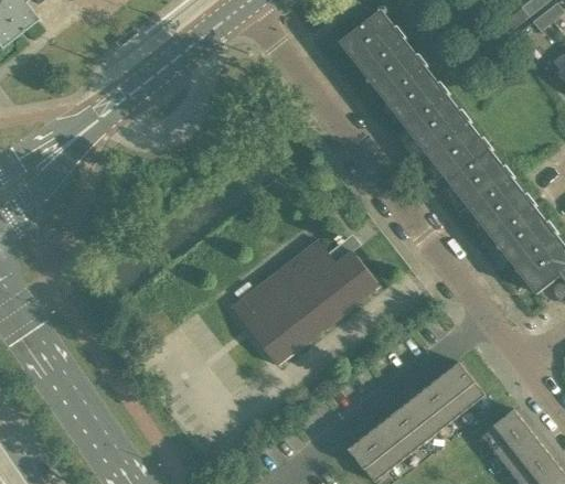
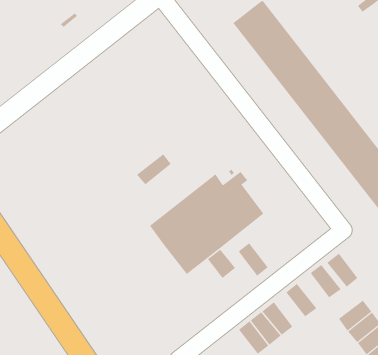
building: none -> [136,154,172,185]
building: none -> [207,249,236,279]
building: [426,373,468,419] -> [327,253,358,288]
building: [395,398,436,443] -> [238,242,269,276]

